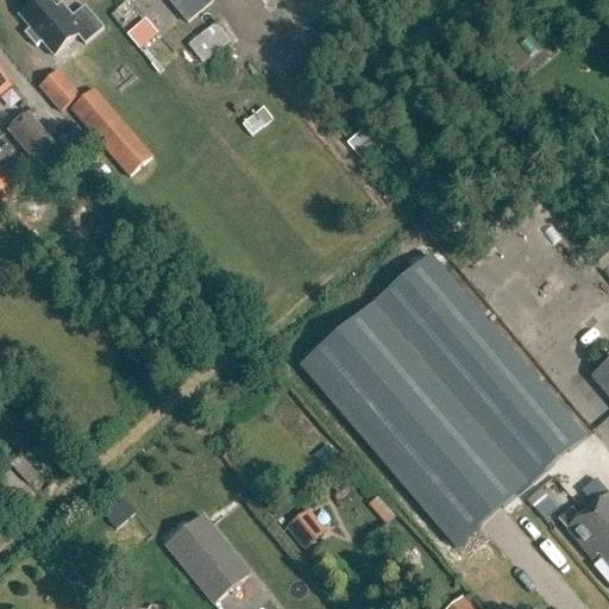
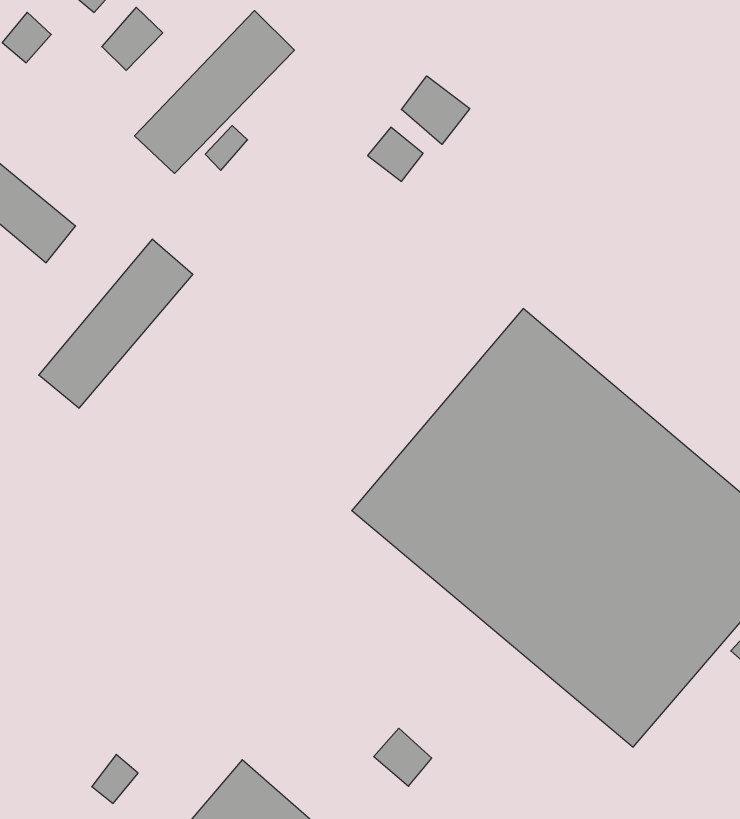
building: none -> [135,11,294,173]
building: none -> [401,76,470,144]
building: none -> [39,239,193,408]

